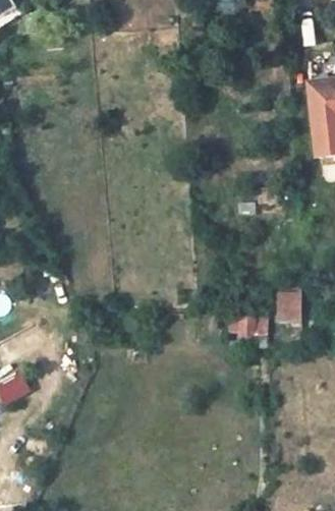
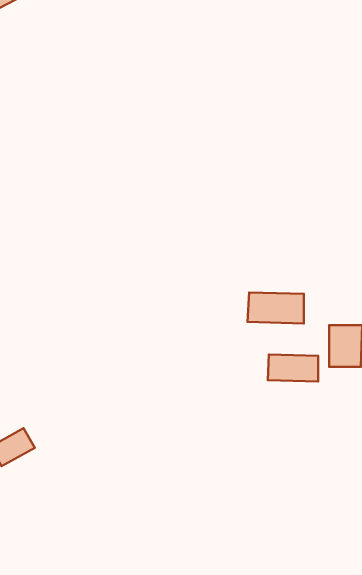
building: none -> [248,292,304,323]

